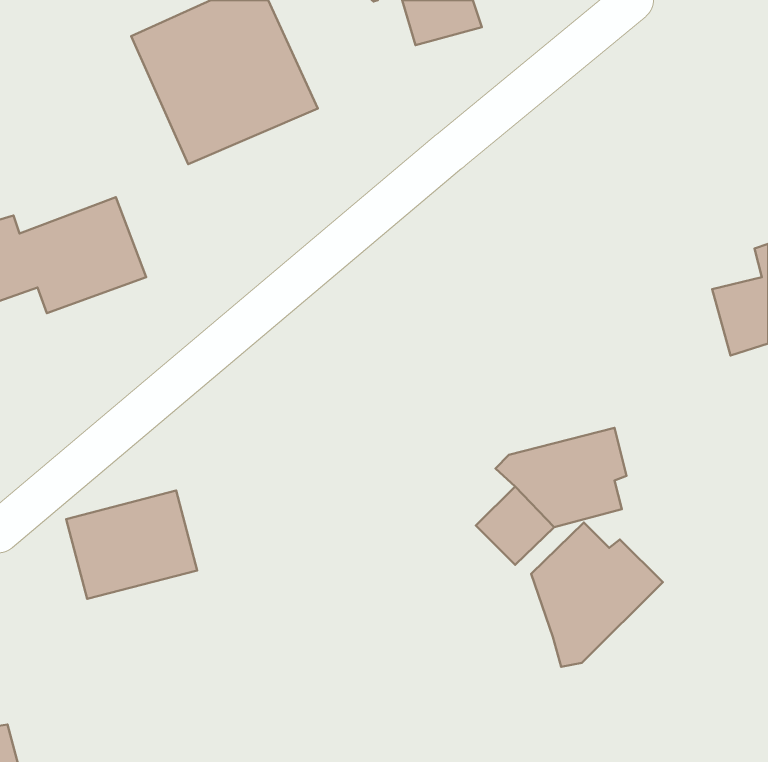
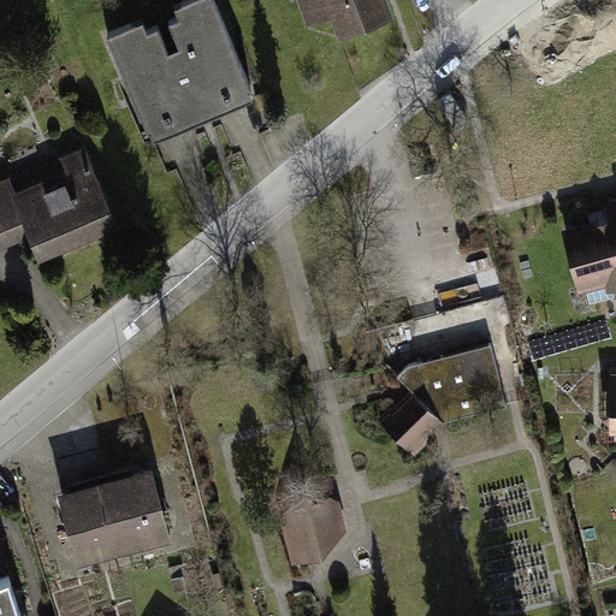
building: [66,491,197,599] -> [61,474,166,561]
building: [531,522,663,667] -> none
building: none -> [286,497,344,565]

